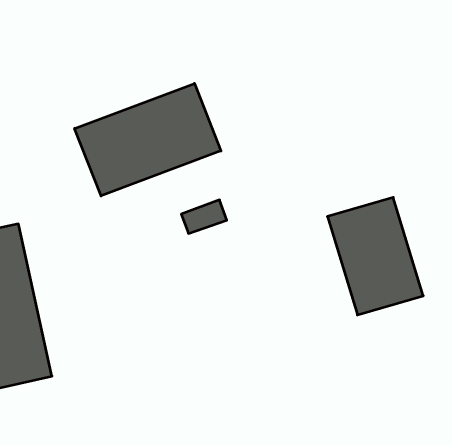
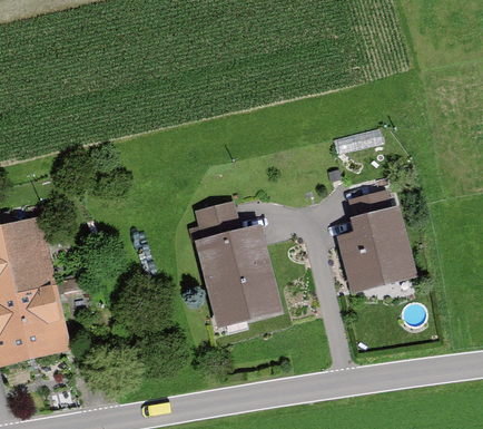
building: [75,83,221,196] -> none
building: none -> [195,221,285,326]

